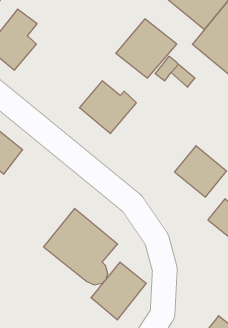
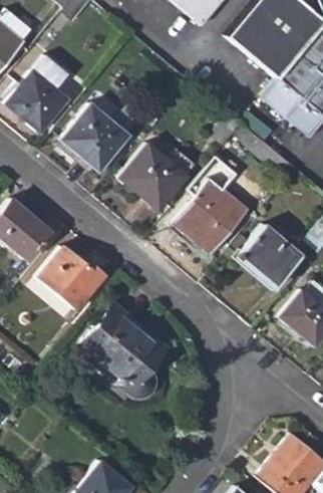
building: [116,19,177,78] -> [175,180,250,253]
building: none -> [61,104,129,172]
building: none -> [40,247,105,309]
building: [91,262,146,320] -> none

